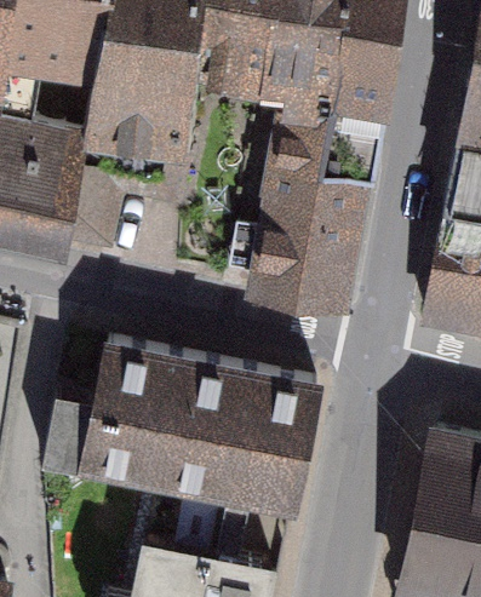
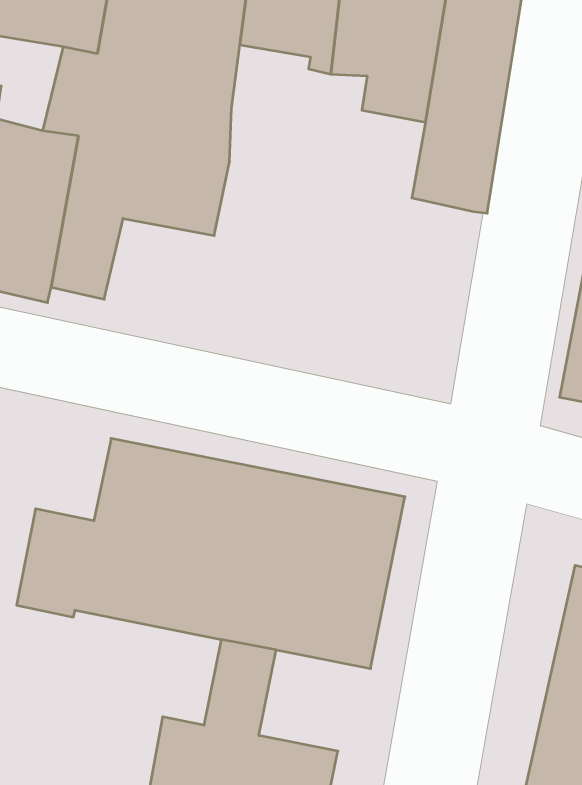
building: [252,109,365,298] -> none

